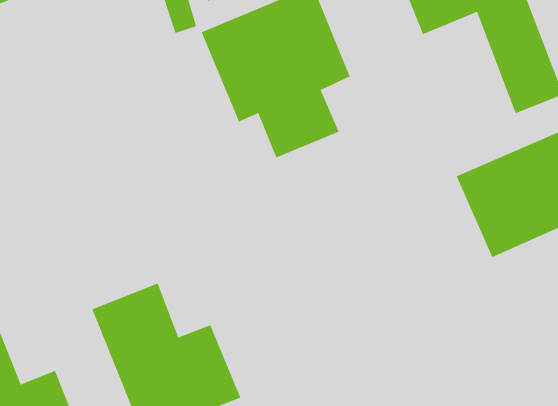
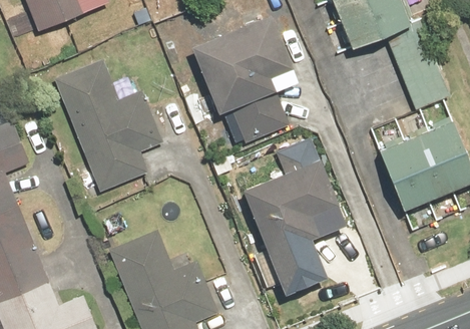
building: none -> [54,56,164,191]
building: none -> [242,159,340,293]

